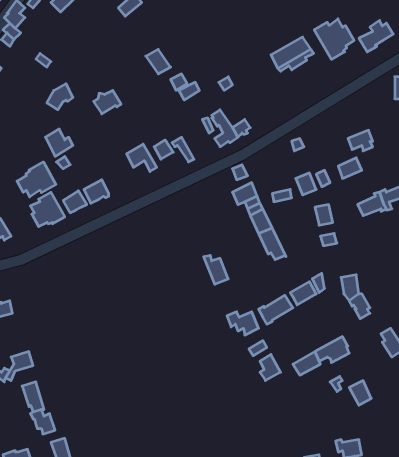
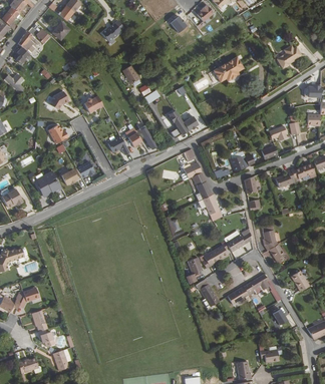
building: [314,19,354,59] -> none
building: [17,162,56,197] -> none

